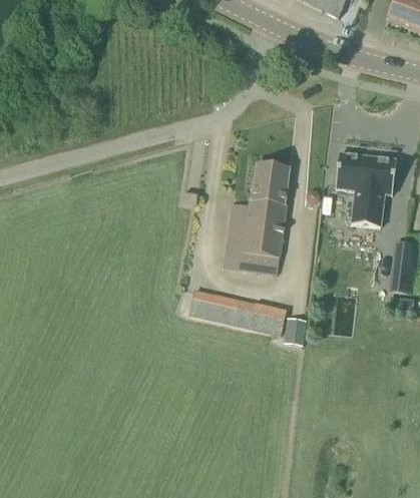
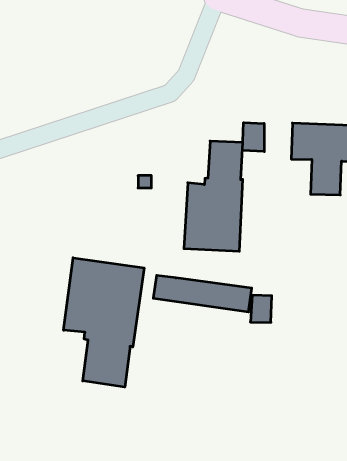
building: none -> [243,123,264,152]
building: none -> [64,258,144,387]

